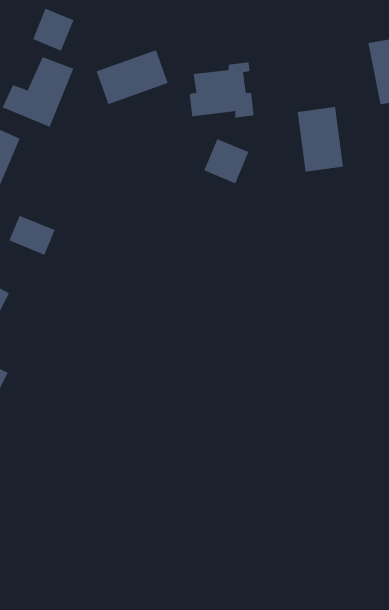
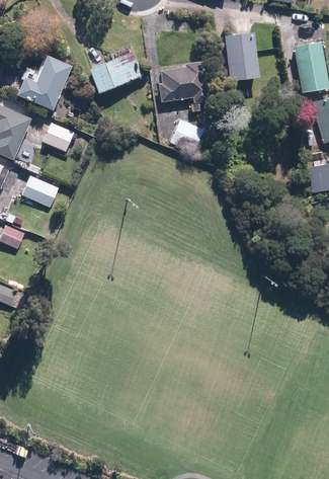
building: [32,8,74,52] -> none
building: [297,106,344,172] -> [224,31,259,81]
building: none -> [43,123,74,152]

